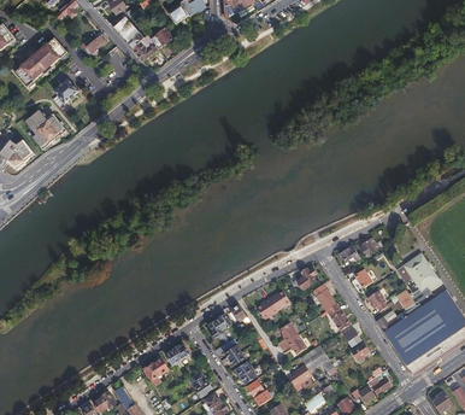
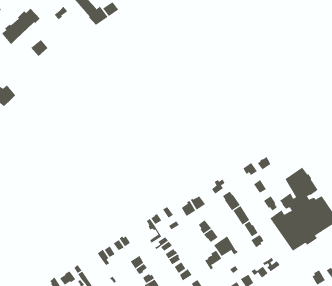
building: [25,110,66,150] -> none

